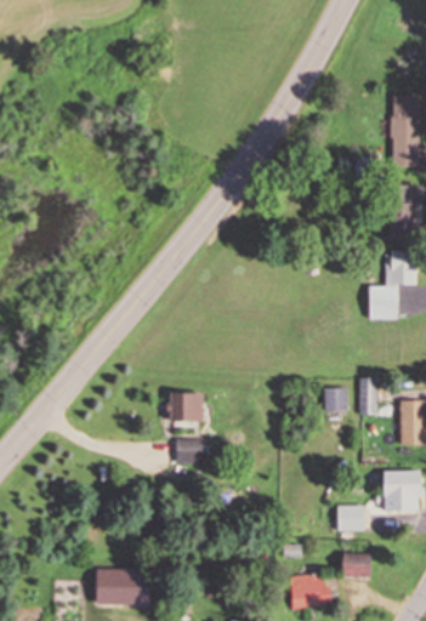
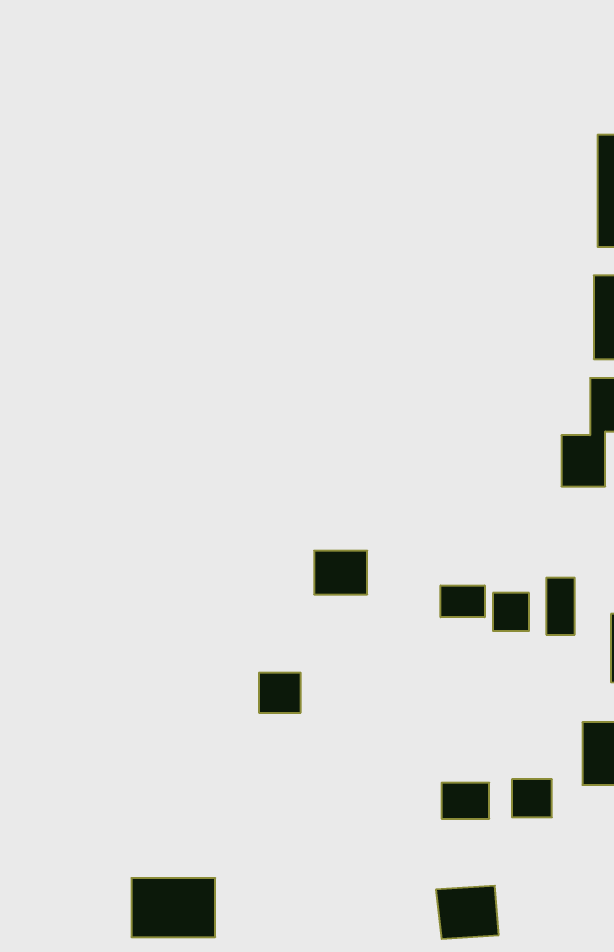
building: none -> [441,585,485,617]
building: [169,393,203,421] -> [314,551,367,594]
building: [341,553,371,576] -> [442,783,489,819]

